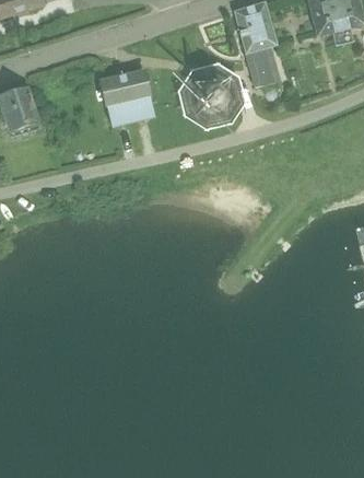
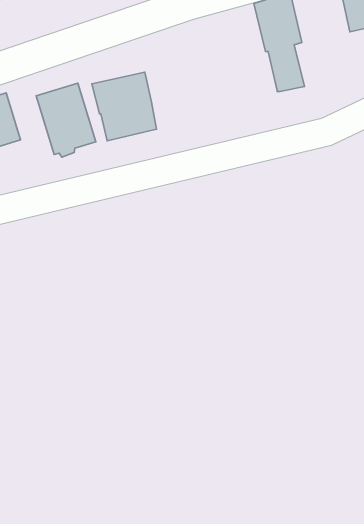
building: [192,78,231,116] -> none
building: none -> [36,83,96,157]

